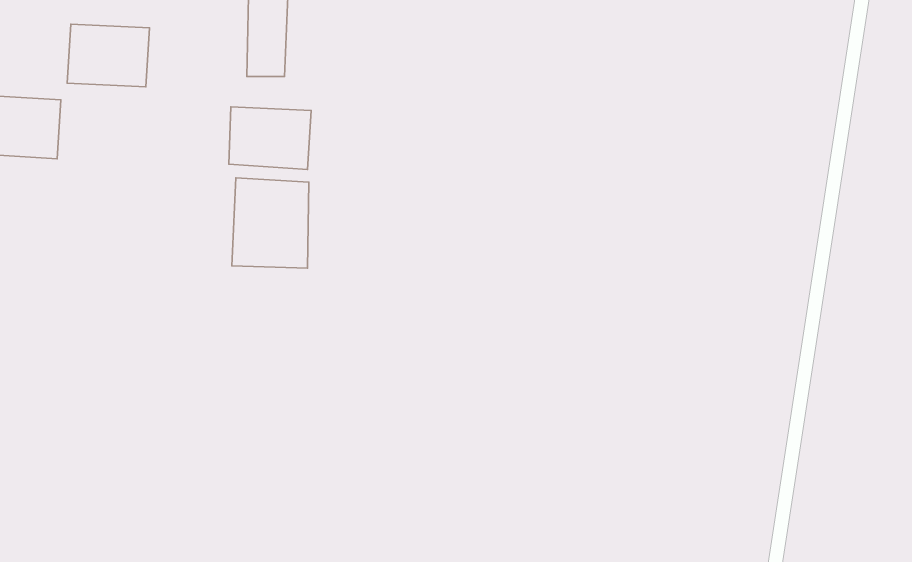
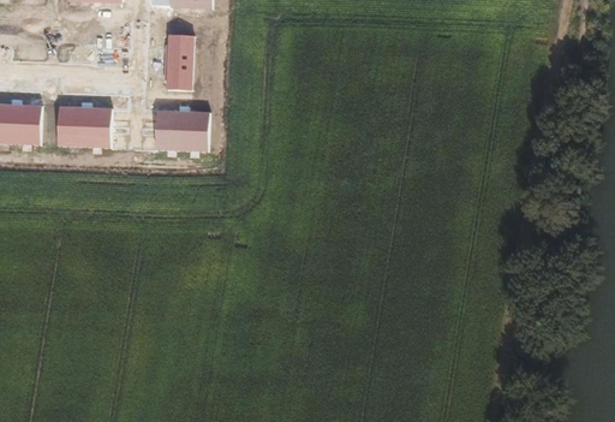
building: [67,24,150,87] -> [56,107,112,149]
building: [232,178,309,268] -> none

